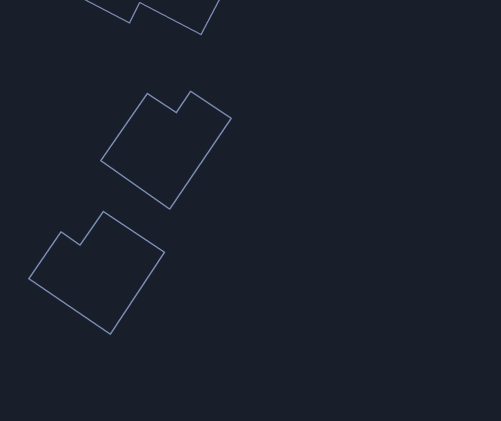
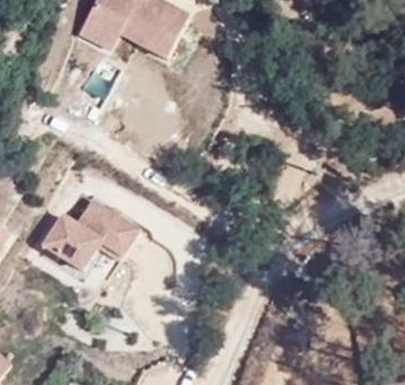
building: [101,91,231,209] -> none

